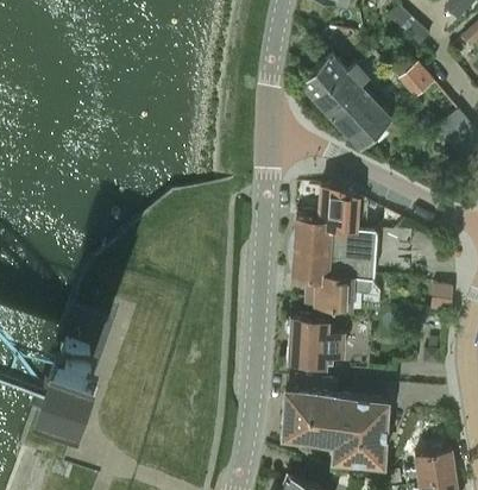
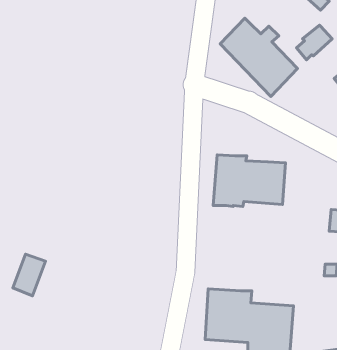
building: [319,187,359,228] -> none
building: [307,276,382,309] -> none
building: [287,318,345,383] -> none

